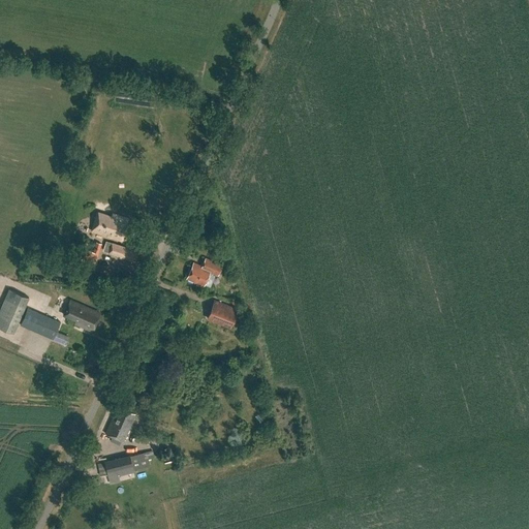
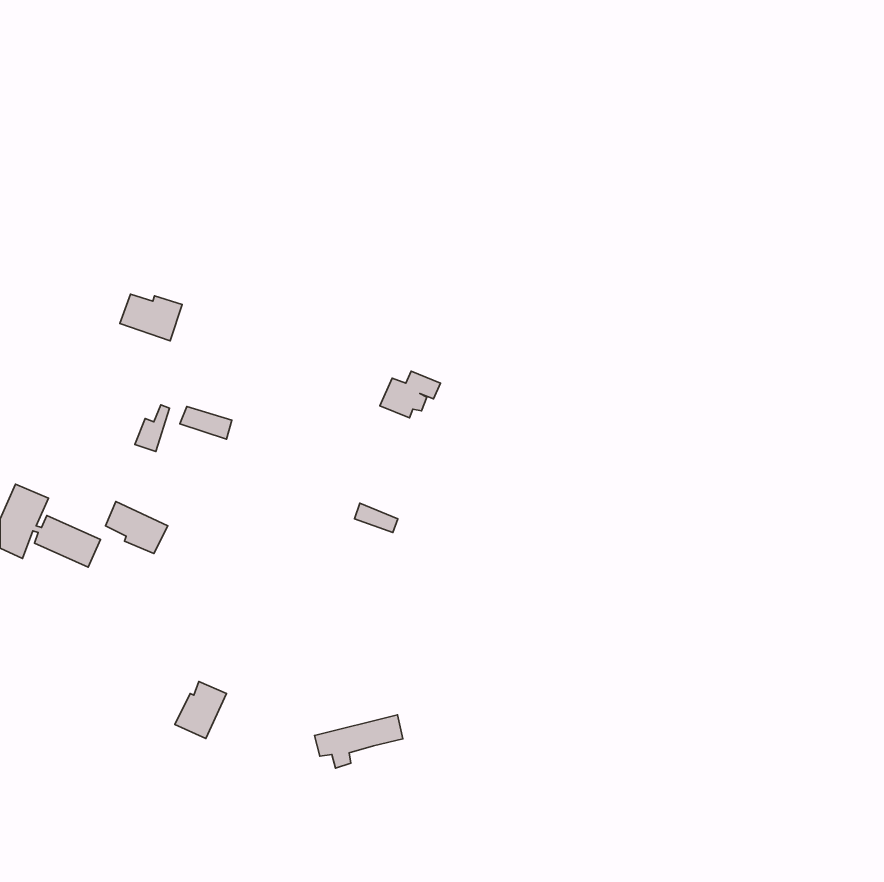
building: [91,214,128,242] -> [120,294,182,341]
building: [186,259,222,287] -> [380,371,441,418]
building: [97,453,150,485] -> [315,715,403,768]

